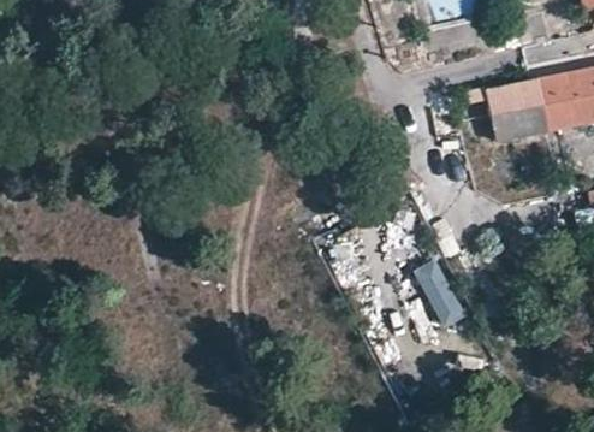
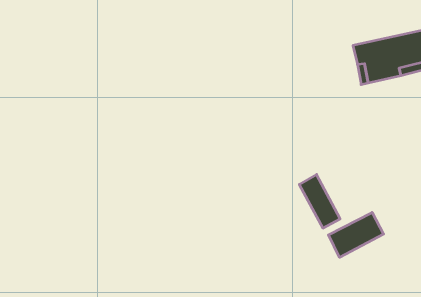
building: none -> [328,212,384,257]

